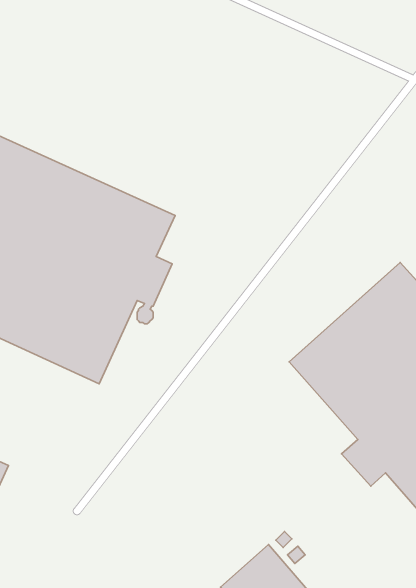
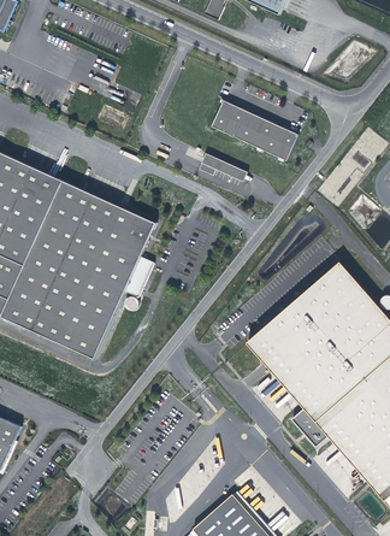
building: none -> [211,99,299,159]
building: none -> [200,152,248,179]

